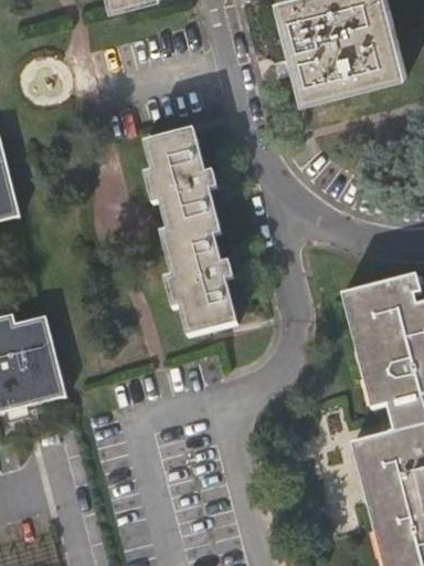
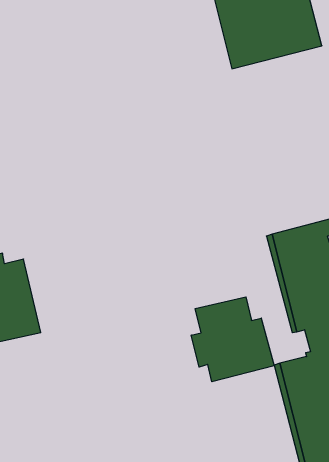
building: [141,130,241,335] -> none
building: none -> [191,297,274,382]

